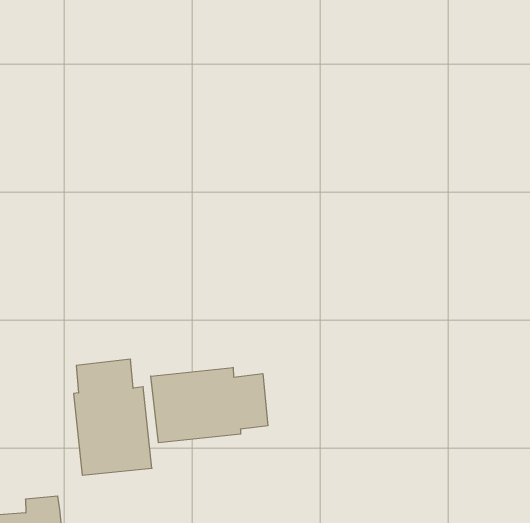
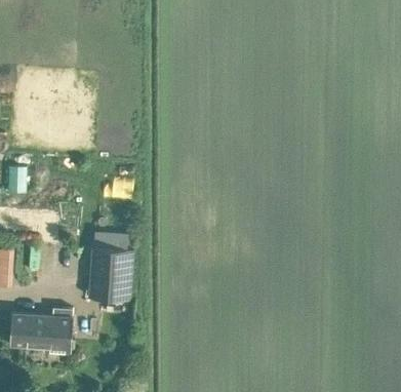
building: [151,367,268,443] -> none

